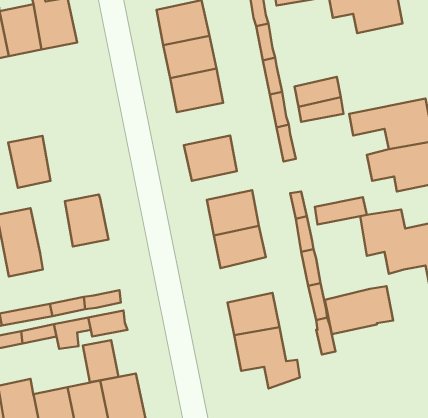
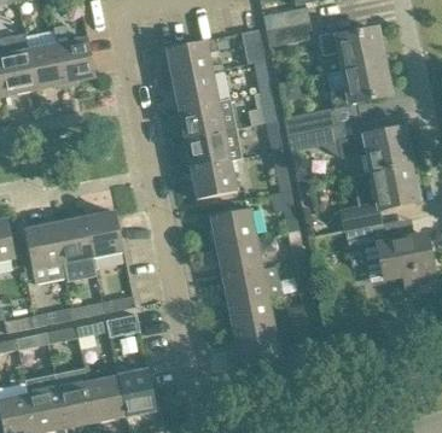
building: none -> [328,60,390,110]
building: none -> [184,130,242,168]
building: [8,136,51,188] -> [54,217,92,263]
building: [325,286,393,334] -> [222,264,283,306]
building: [83,340,118,382] -> none

